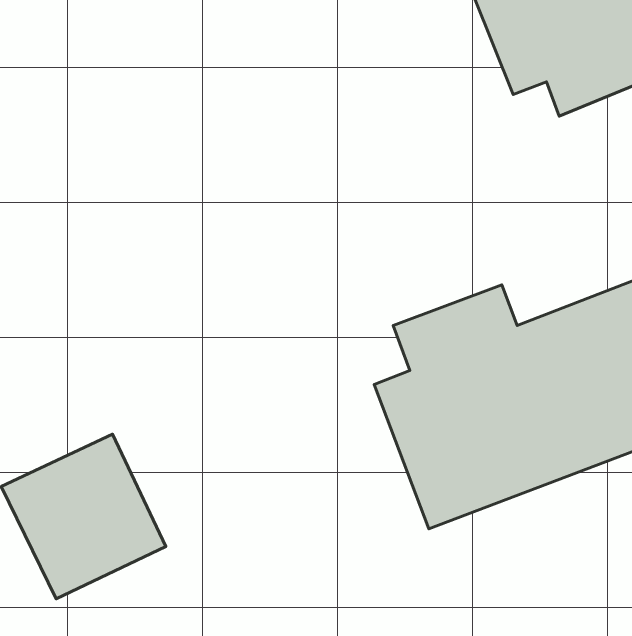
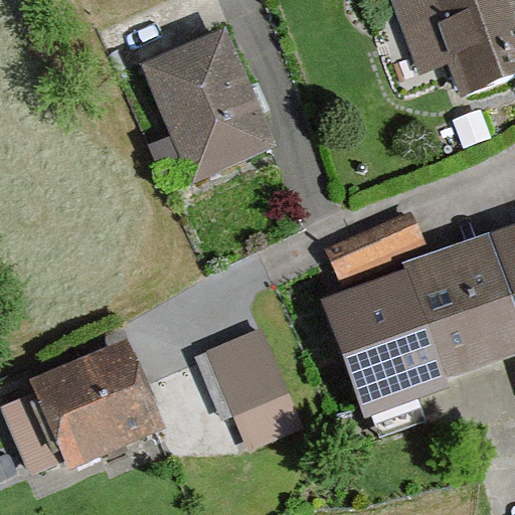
building: none -> [140,37,264,182]
building: none -> [207,331,300,446]

